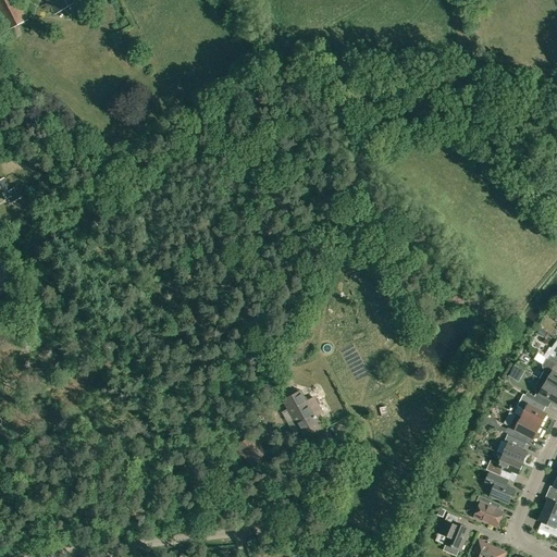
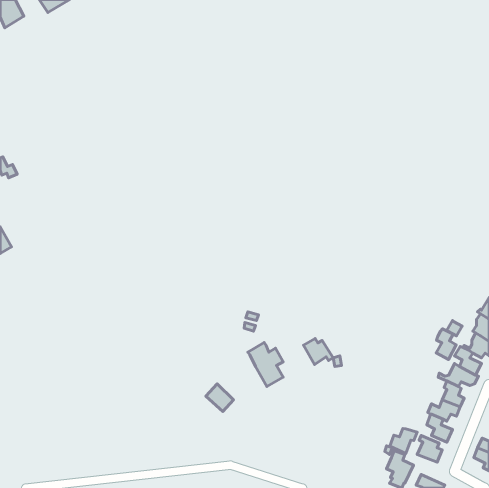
building: none -> [436,329,456,360]
building: none -> [304,338,333,364]
building: none -> [390,429,417,454]

